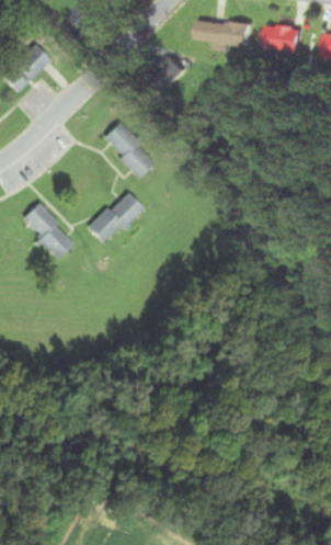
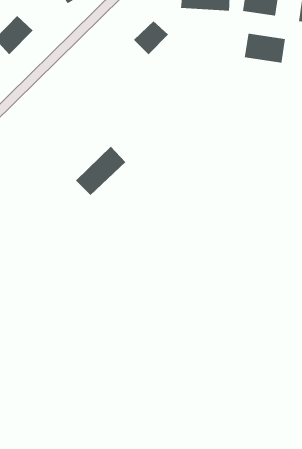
building: none -> [244,33,286,64]
building: [100,124,153,178] -> none
building: [19,205,72,259] -> none

